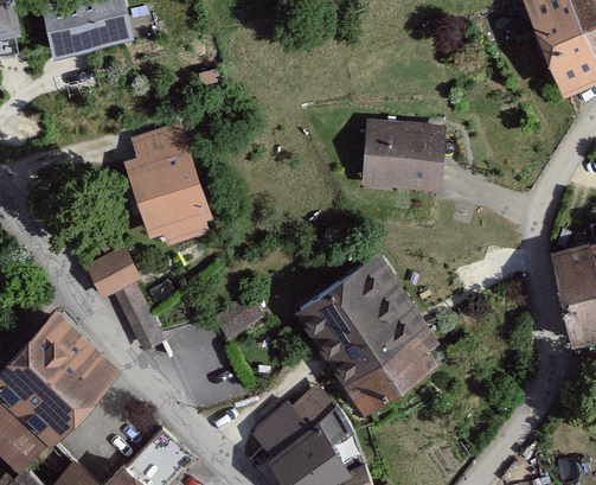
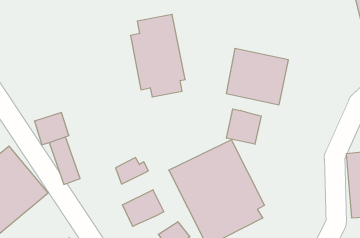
building: [123,125,212,249] -> [130,14,185,97]
building: none -> [227,109,261,144]
building: none -> [122,190,164,226]

